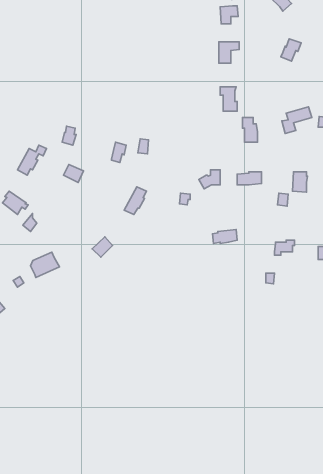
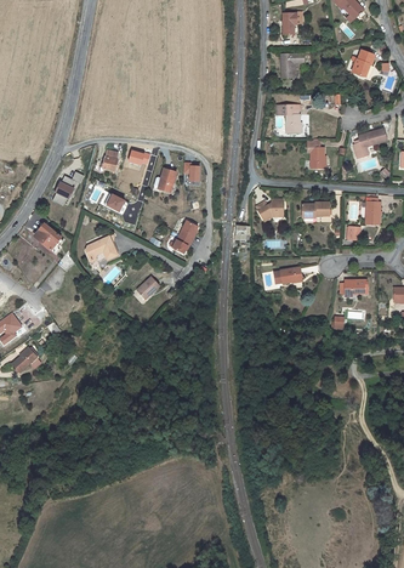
building: [31,252,59,278] -> [85,235,118,265]

